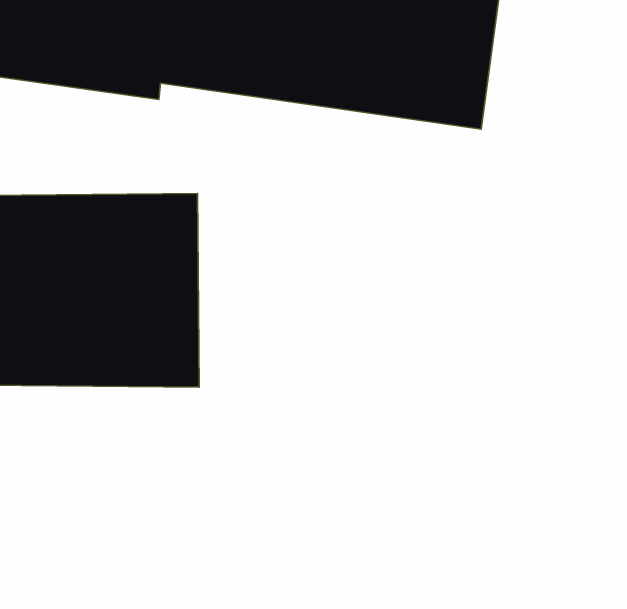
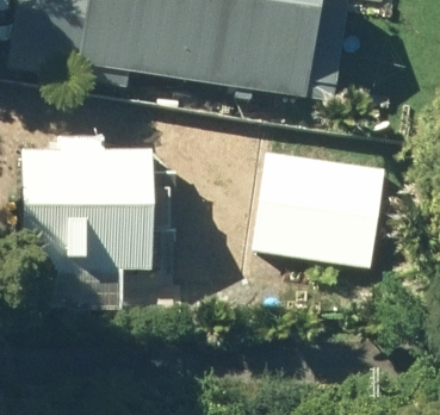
building: none -> [253,150,384,268]

